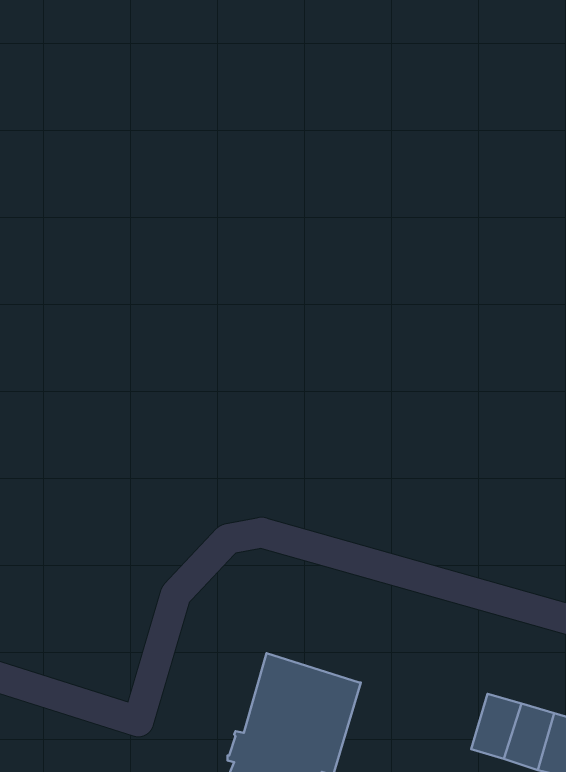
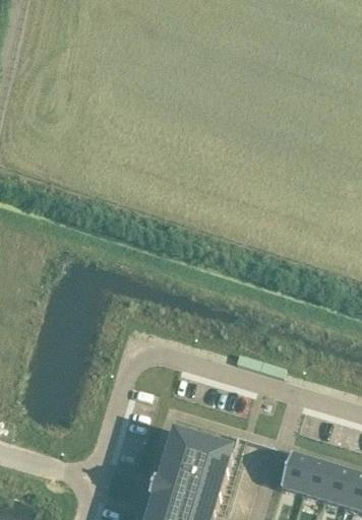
building: none -> [277,449,309,491]

